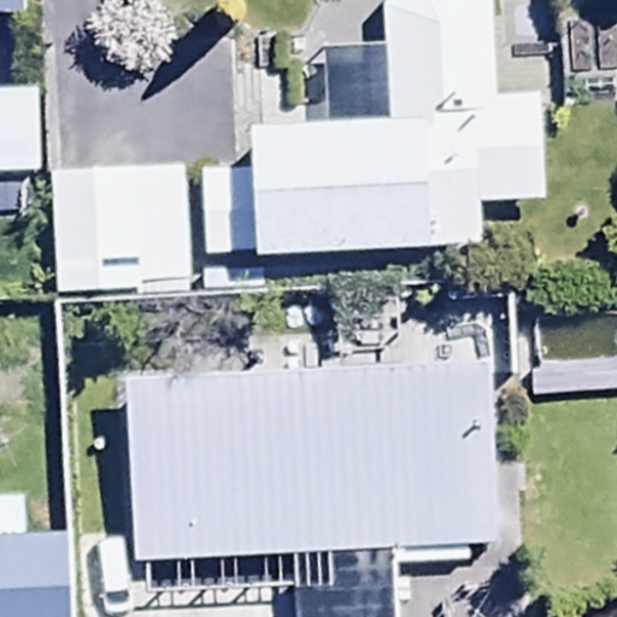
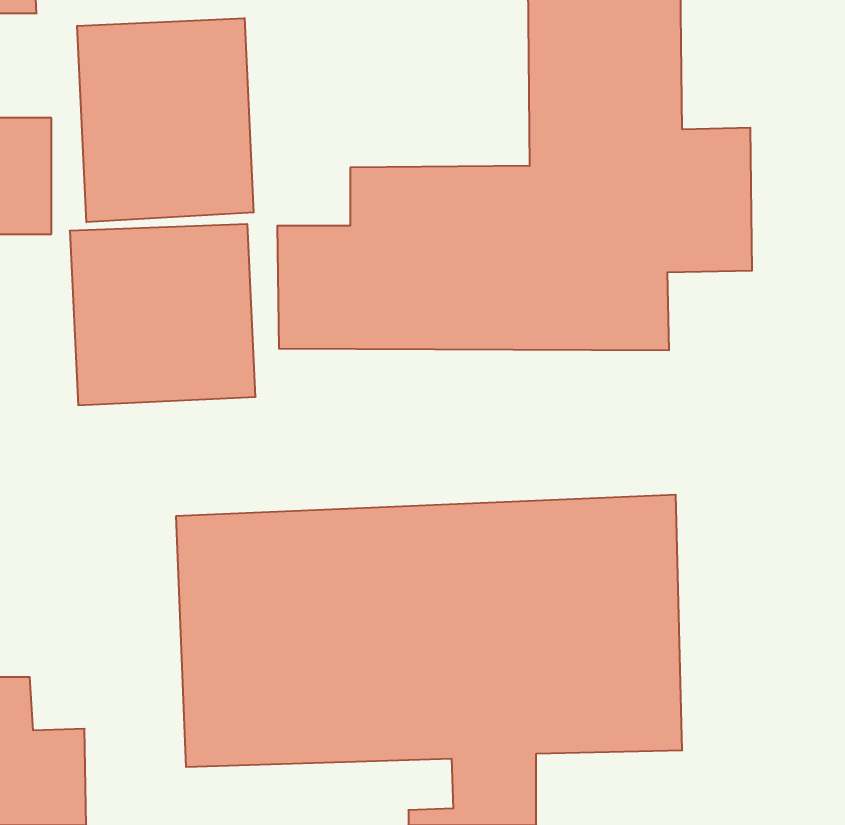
building: none -> [77,18,253,222]

